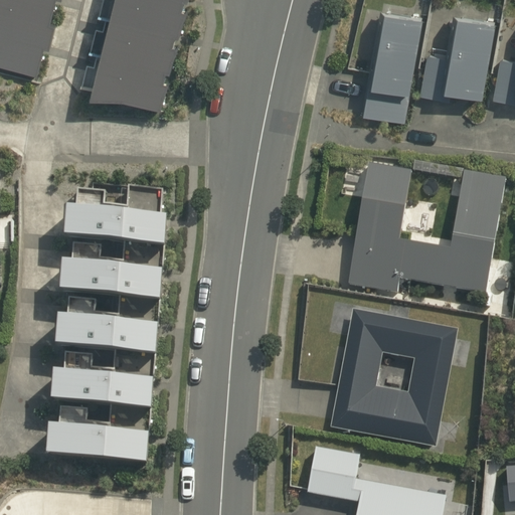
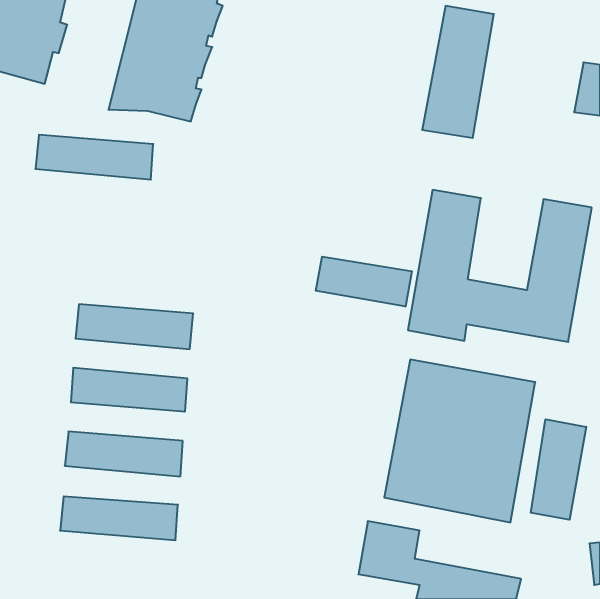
building: [416,8,495,96] -> none
building: [68,205,169,243] -> [35,135,153,180]
building: none -> [316,257,412,307]
building: none -> [531,419,586,520]

